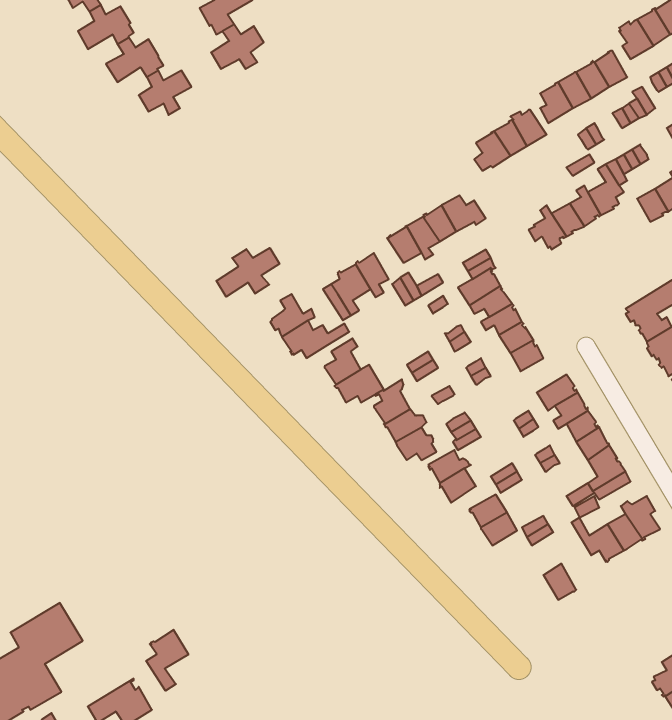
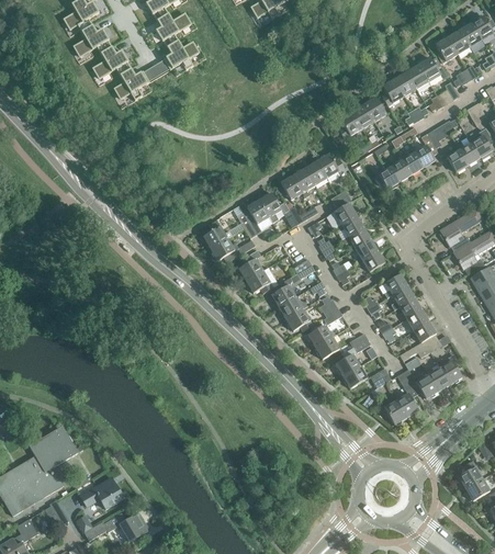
building: [216,248,279,297] -> none
building: none -> [396,372,418,417]
building: [146,630,188,691] -> none

